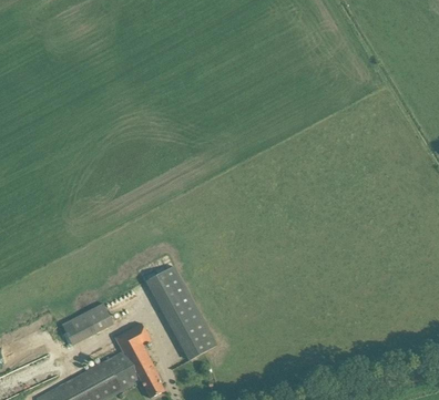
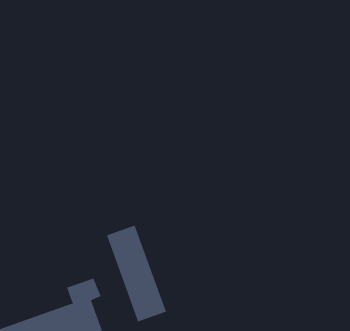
building: [58,305,114,349] -> none

